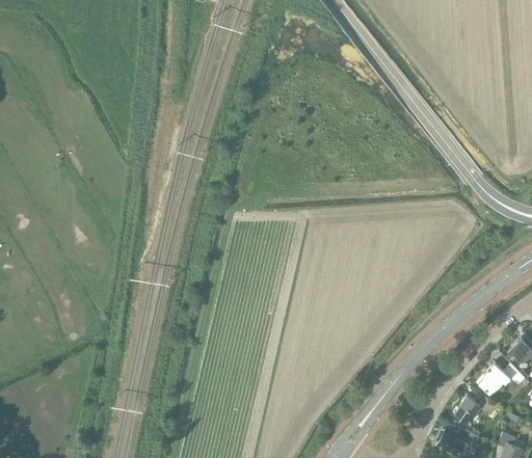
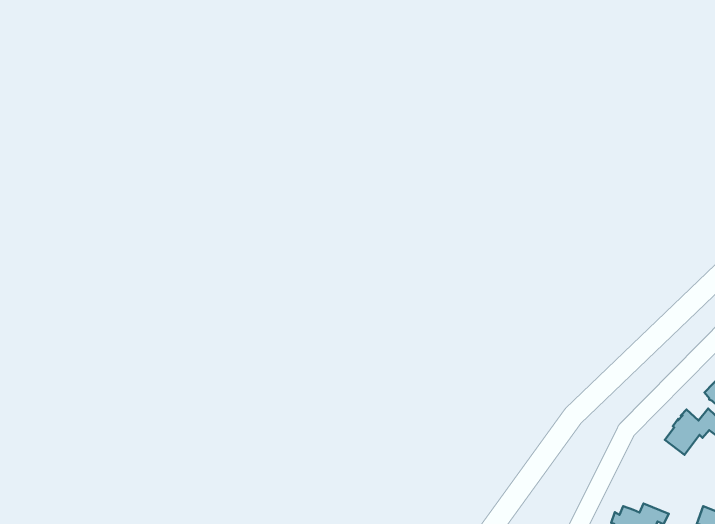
building: [454,394,498,425] -> none

